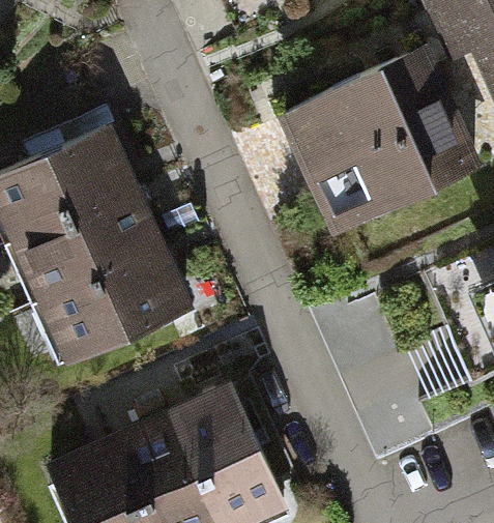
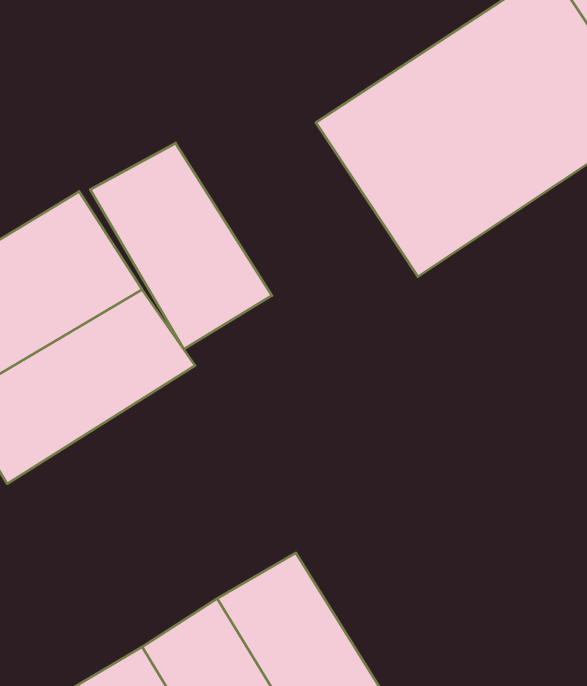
building: none -> [90,143,272,349]
building: [39,259,198,372] -> none

